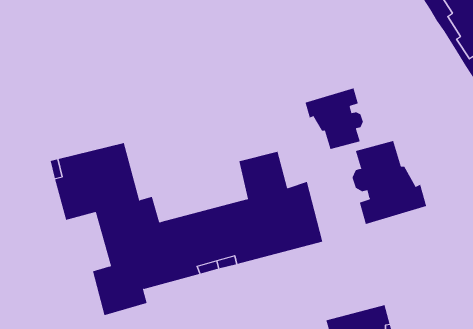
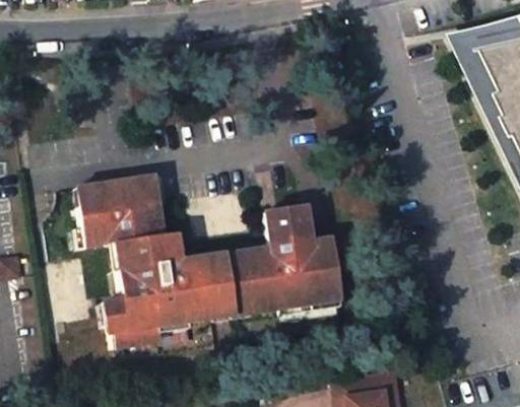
building: [305,88,364,150] -> none
building: [352,140,427,225] -> none

